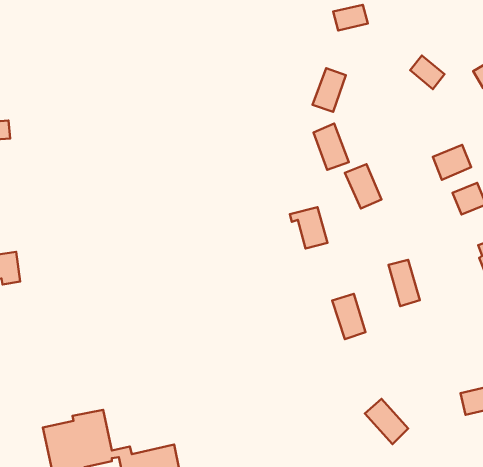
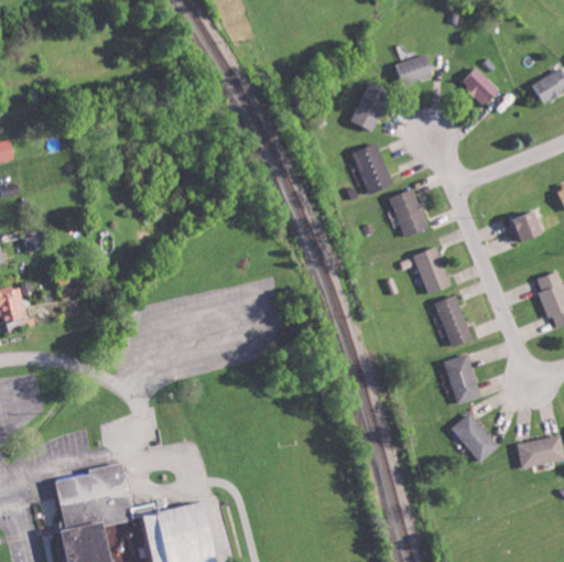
building: [333,5,368,30] -> [394,55,433,84]
building: [433,145,471,180] -> none
building: [290,207,327,249] -> [408,248,449,294]
building: [332,294,366,339] -> [443,354,480,404]
building: [365,399,408,444] -> [449,412,498,463]

